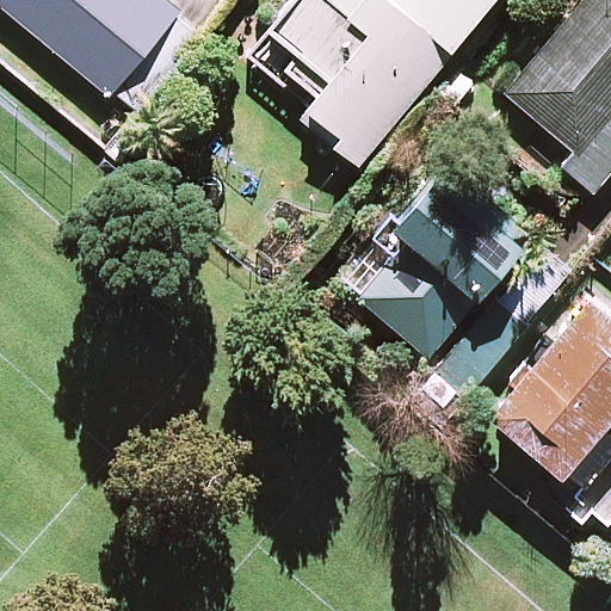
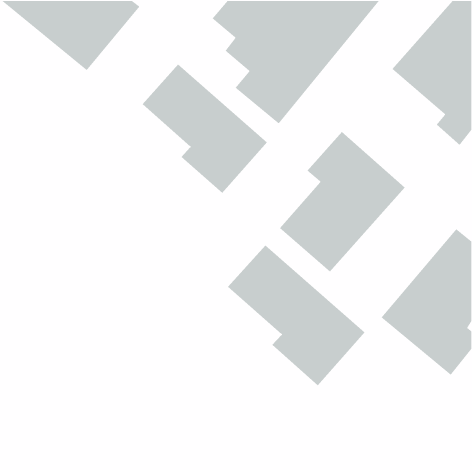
building: none -> [142,64,268,194]
building: none -> [227,244,365,386]

